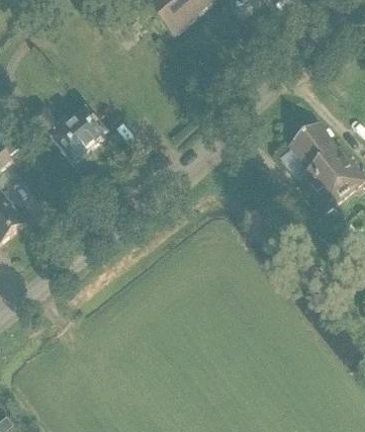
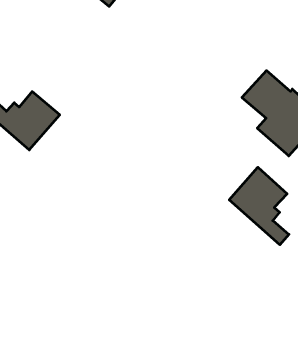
building: none -> [229,167,289,245]

